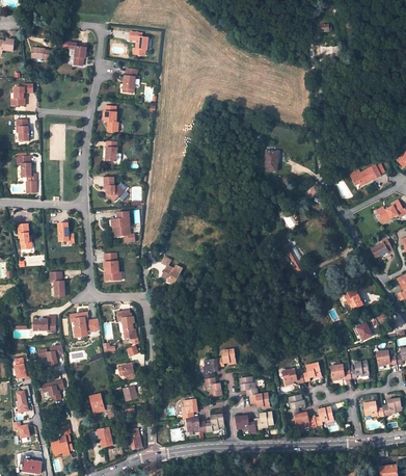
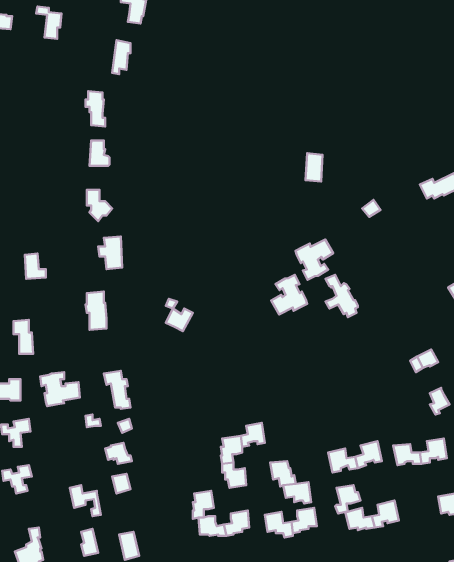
building: none -> [295,239,333,280]
building: none -> [271,275,307,314]

